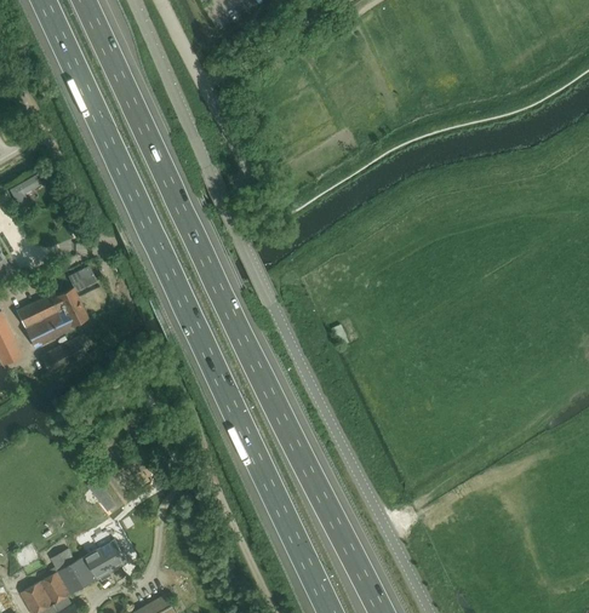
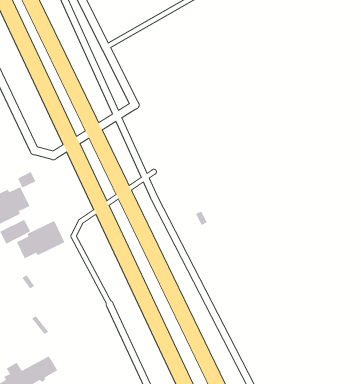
building: none -> [16,220,65,259]

